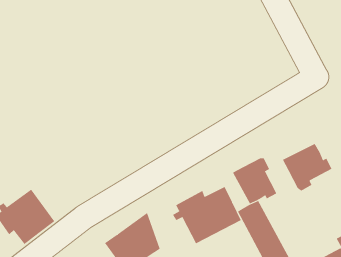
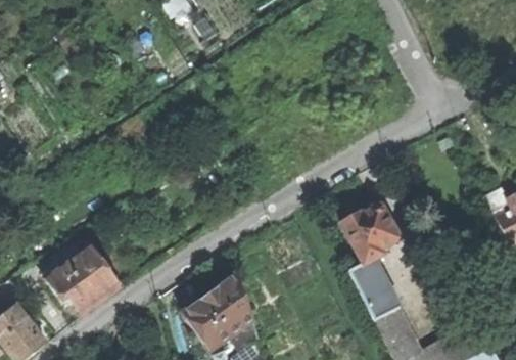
building: [282,143,332,191] -> none
building: [172,186,242,244] -> none

